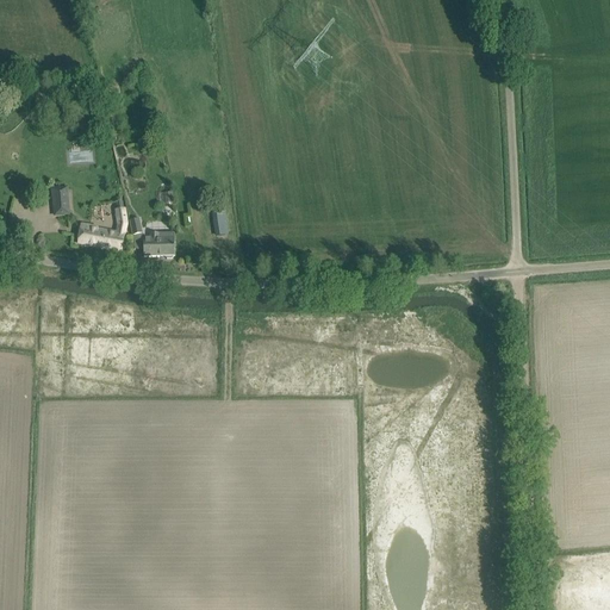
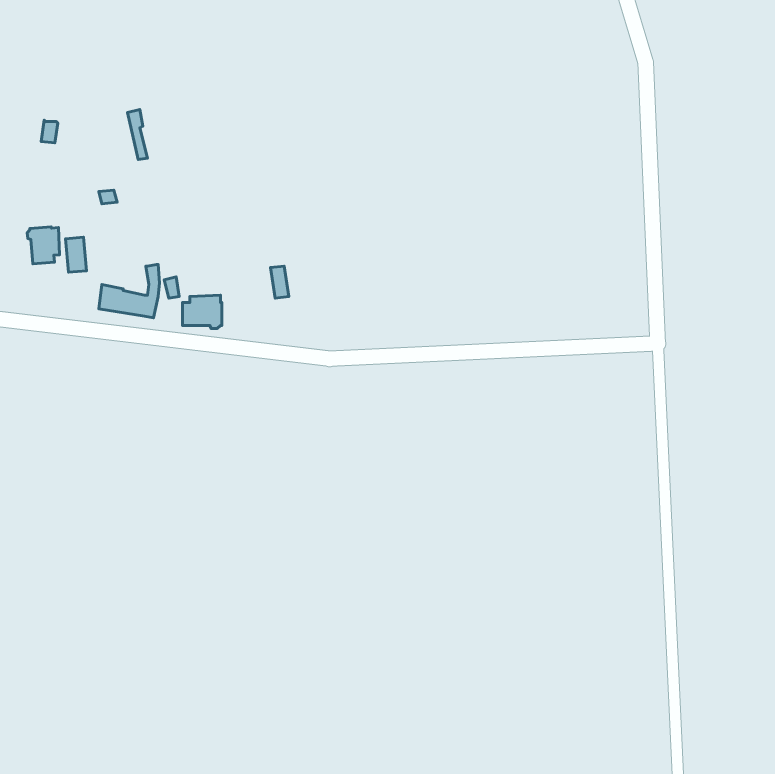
building: none -> [27,227,60,264]

